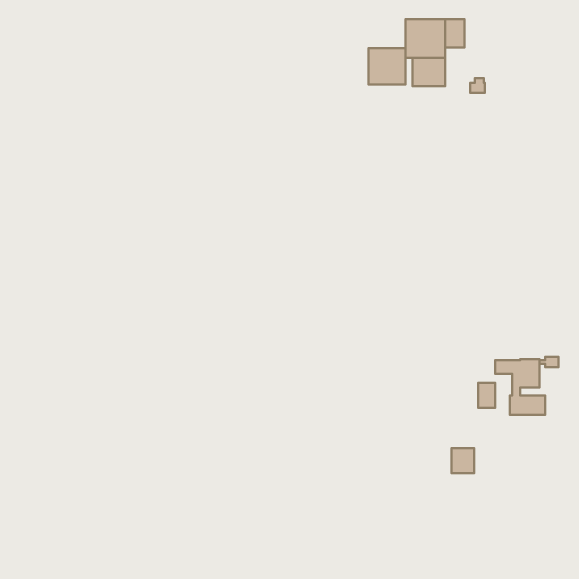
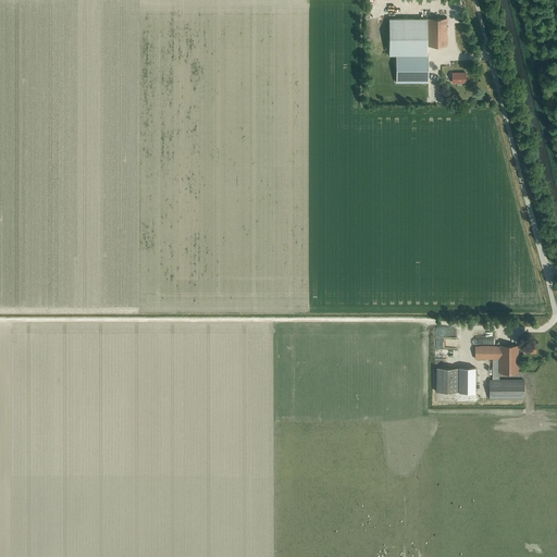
building: [369,48,406,84] -> none
building: [452,448,474,473] -> [436,368,458,392]

